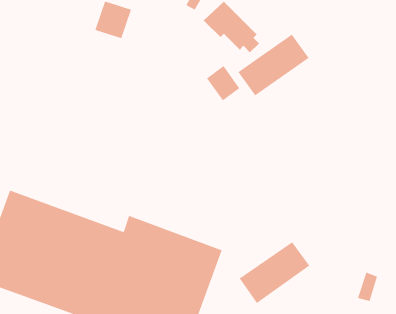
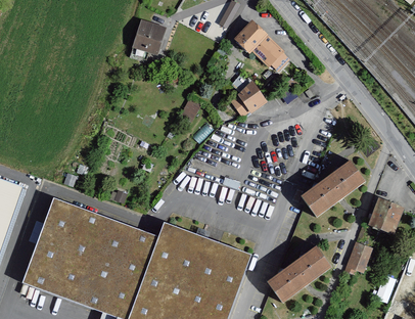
building: [237,34,310,96] -> [297,157,365,216]
building: none -> [365,196,403,233]
building: none -> [344,241,372,273]

